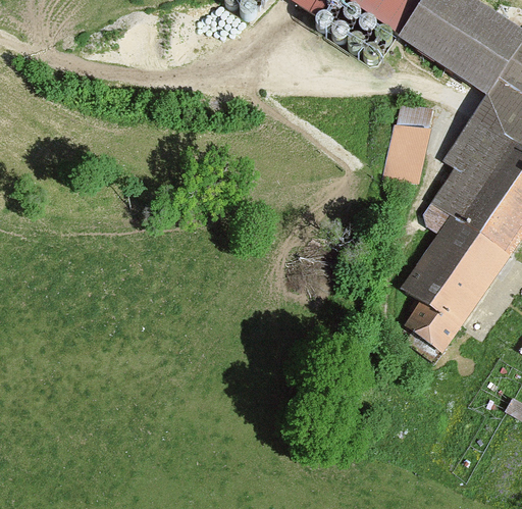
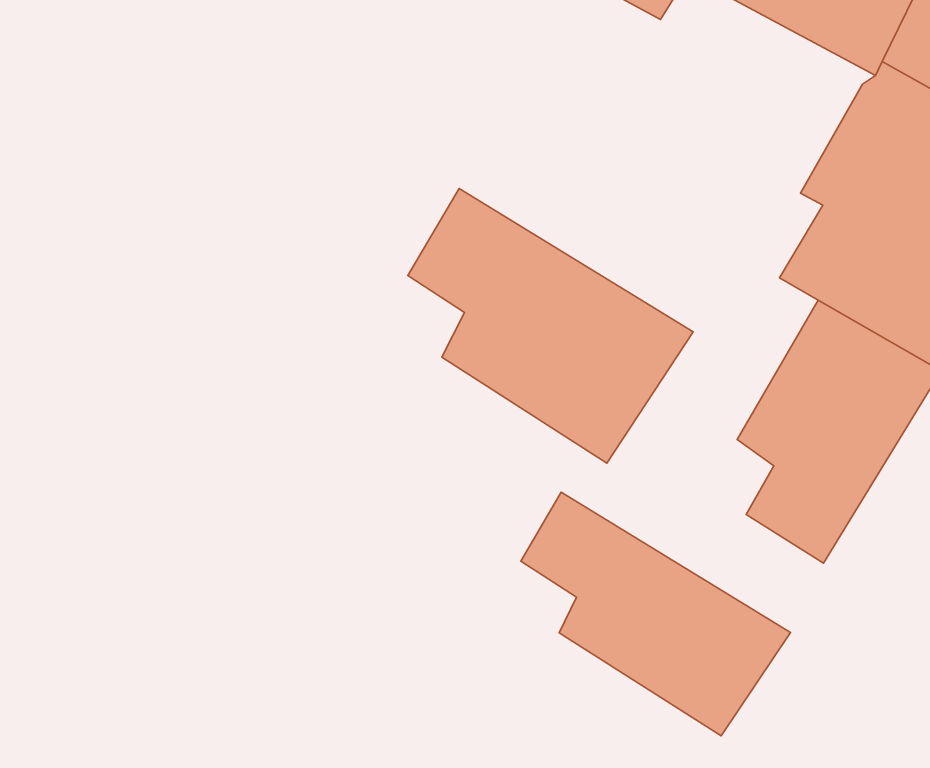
building: none -> [408,188,693,463]
building: none -> [521,492,790,736]

